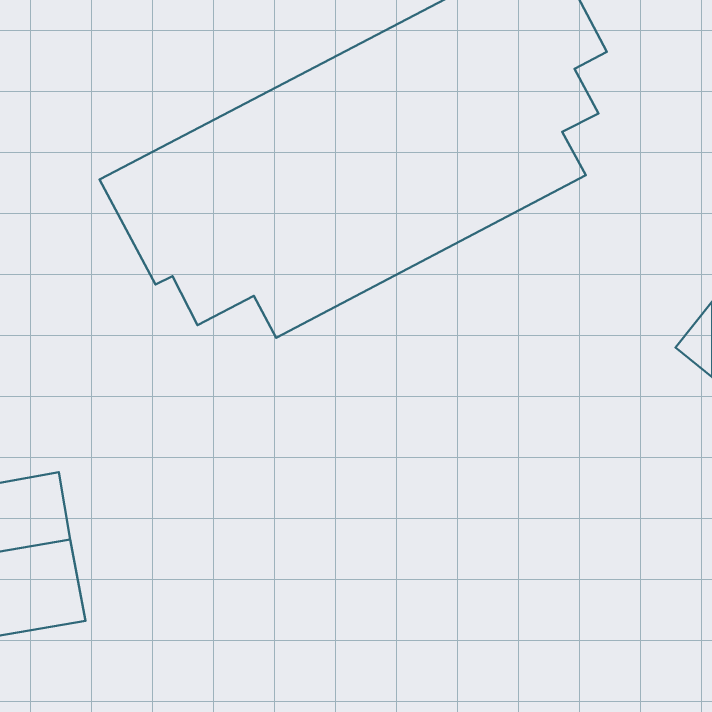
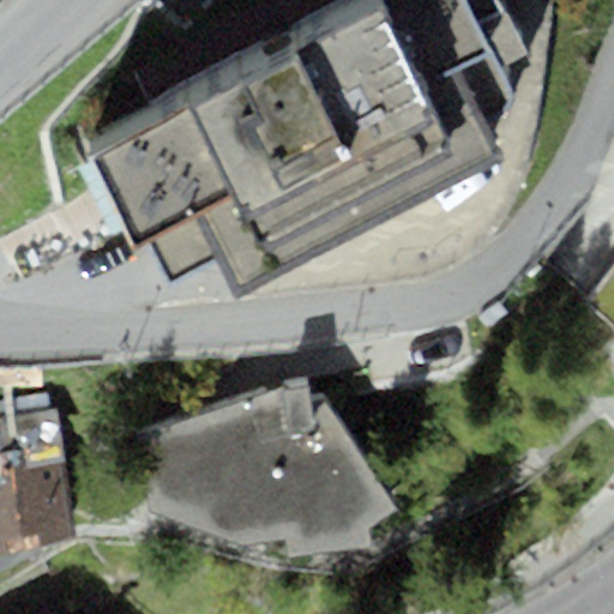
building: none -> [133,381,392,550]

